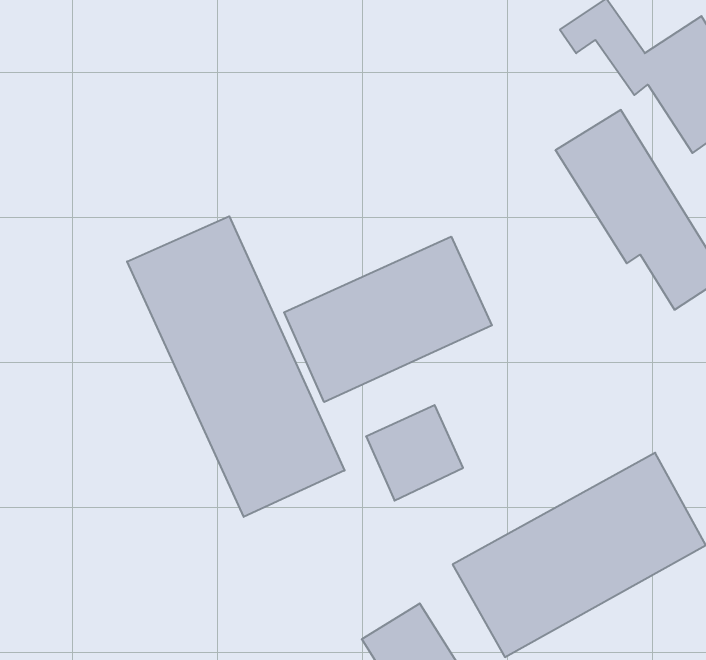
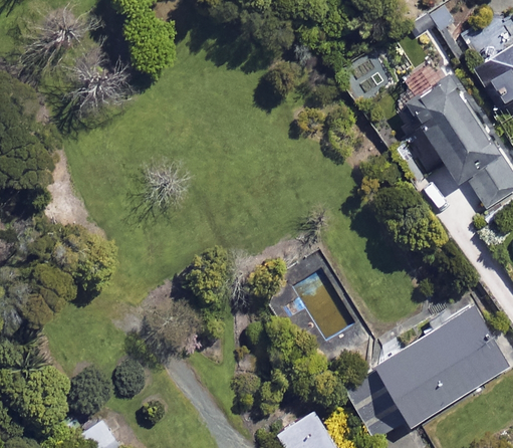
building: [127,216,345,517] -> none
building: [284,237,492,402] -> none

